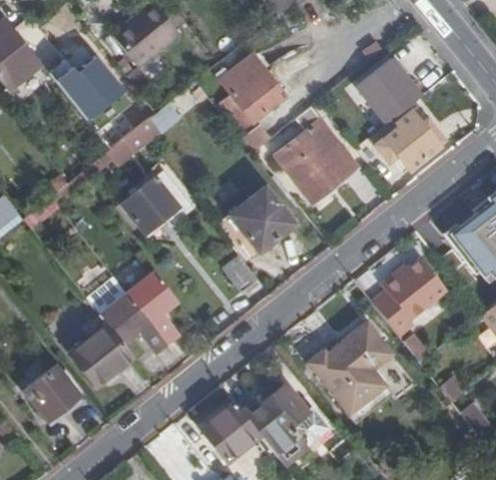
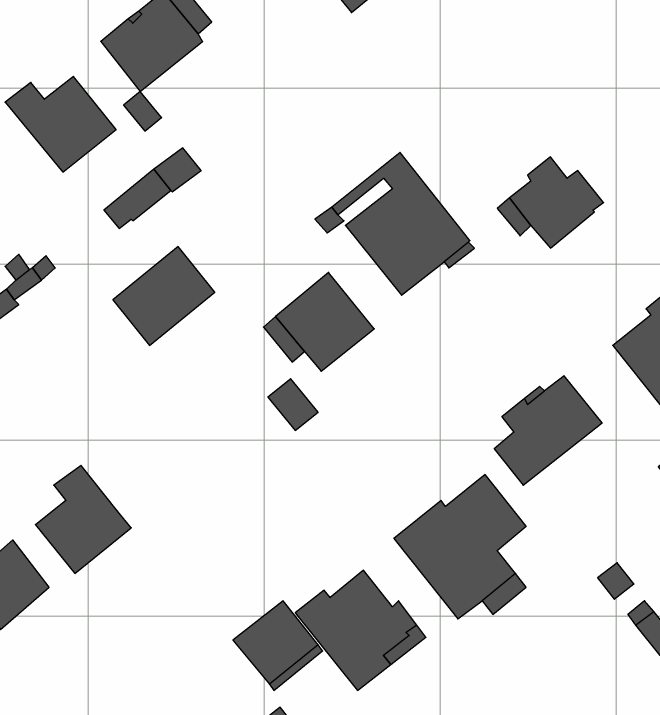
building: [215,54,287,129] -> none
building: [358,59,420,123] -> none
building: [100,271,180,354] -> none

